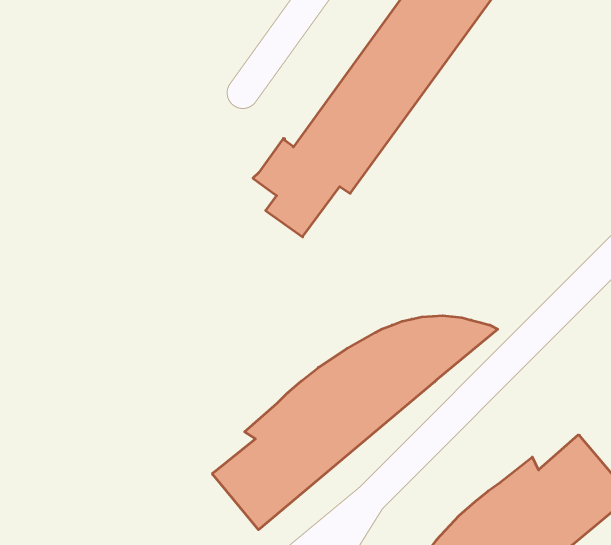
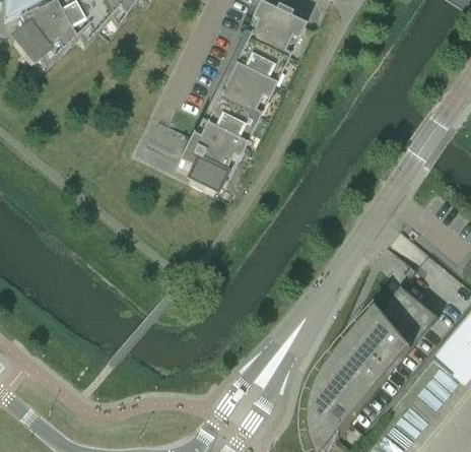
building: [213,316,498,530] -> none

